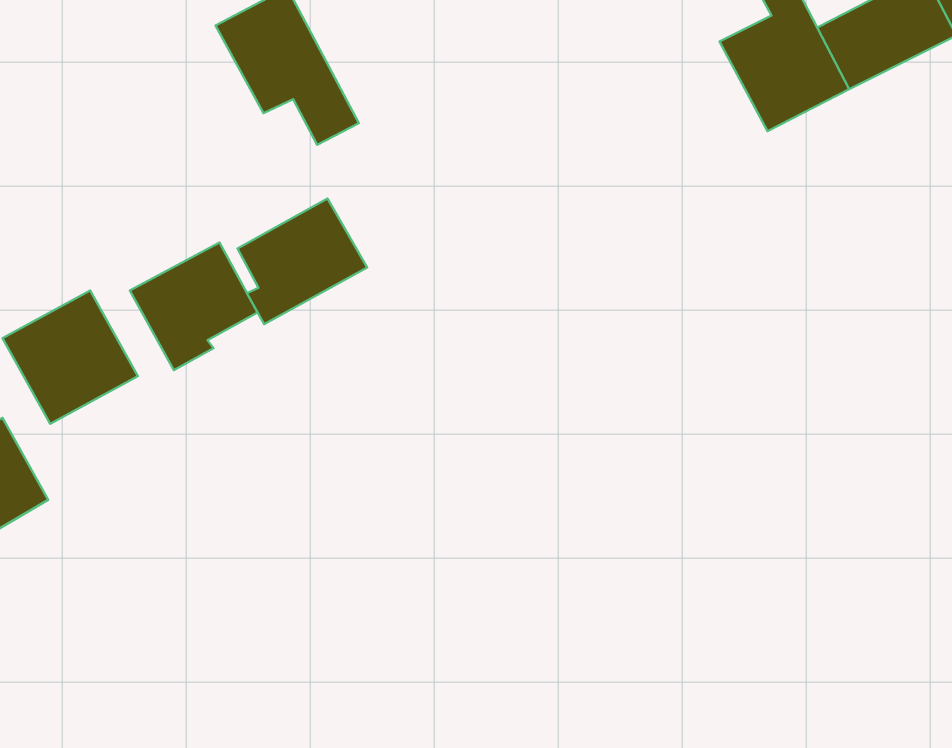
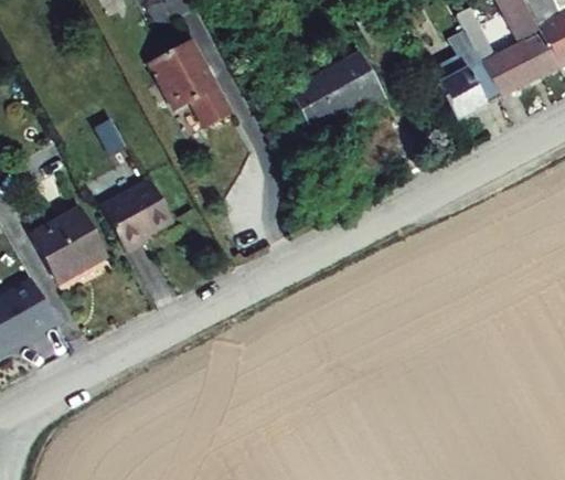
building: none -> [291,51,384,125]
building: [238,199,367,324] -> none

